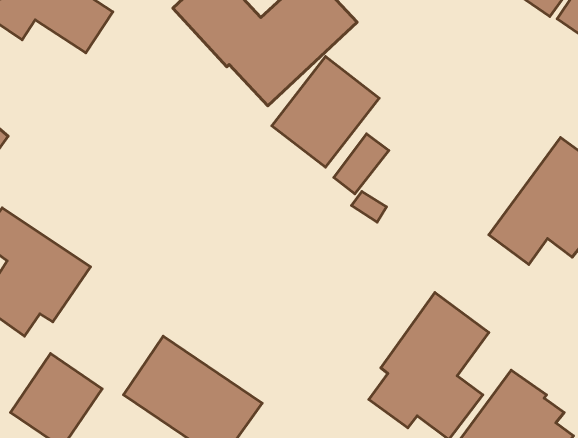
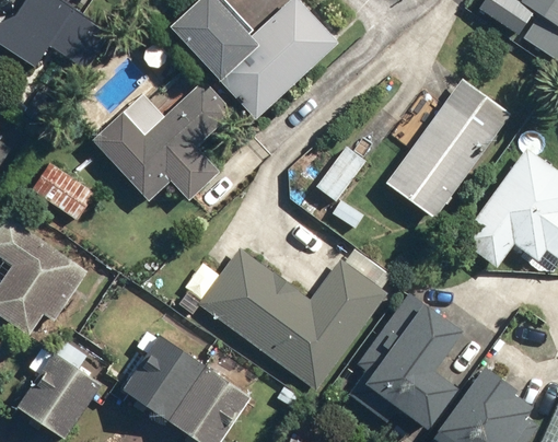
building: [272,57,379,167] -> none
building: none -> [91,79,235,201]
building: none -> [386,79,510,217]
building: none -> [33,161,97,219]
building: none -> [199,247,388,389]

